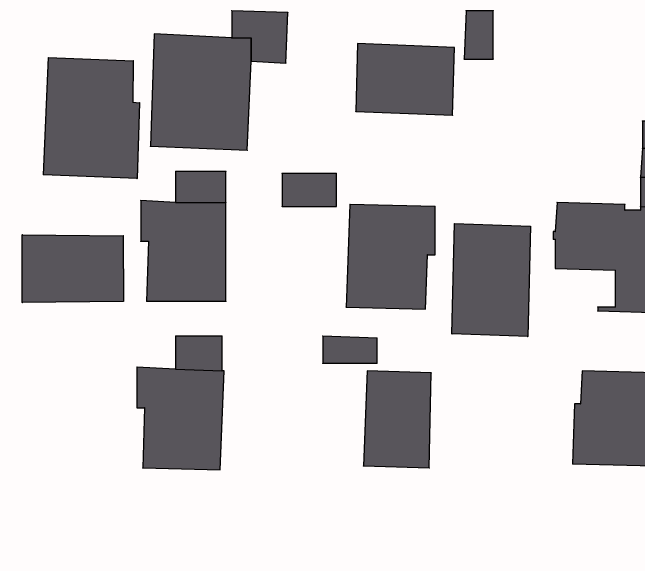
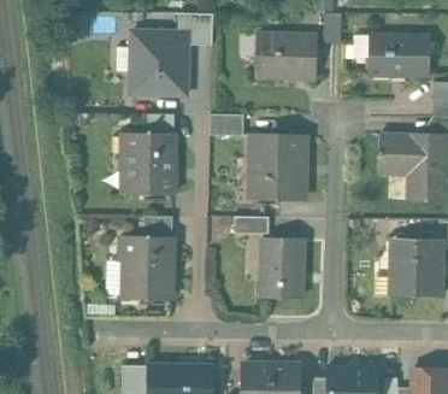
building: none -> [369,35,429,76]
building: [43,58,140,179] -> none
building: [452,224,530,337] -> none
building: [22,235,123,303] -> none

